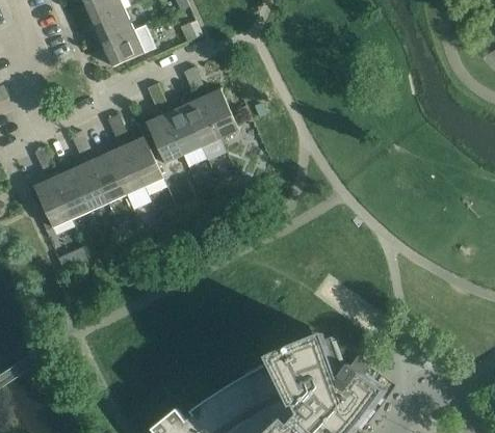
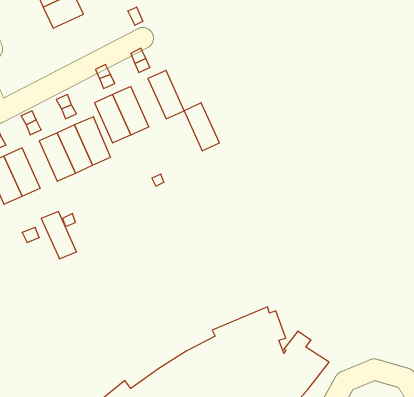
building: [102,26,154,67] -> none
building: [182,98,218,147] -> [184,103,219,151]
building: [70,162,106,211] -> [41,212,77,259]

